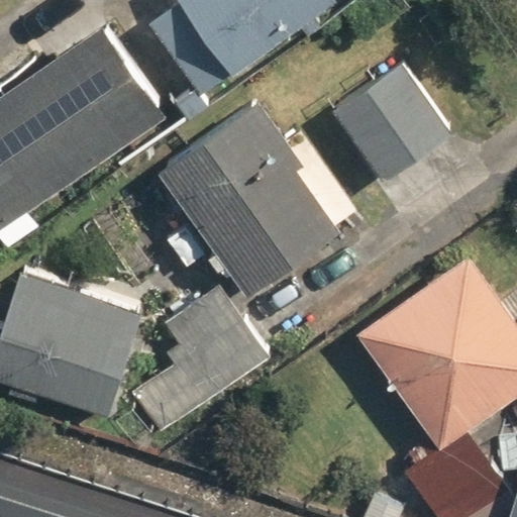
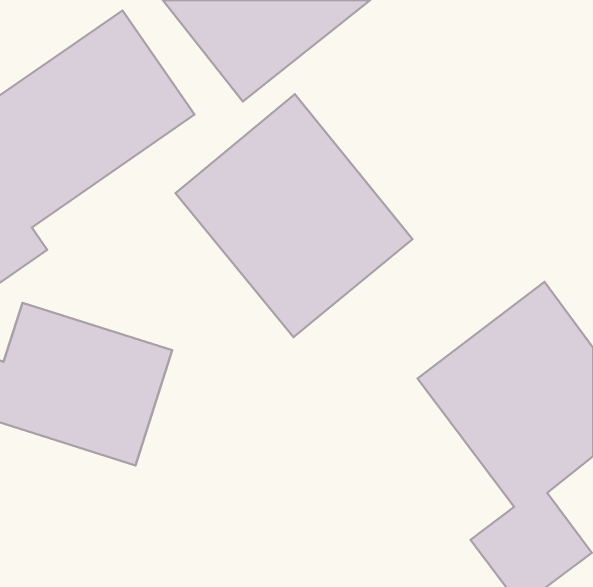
building: [330,69,449,189] -> none
building: [125,280,277,447] -> none

